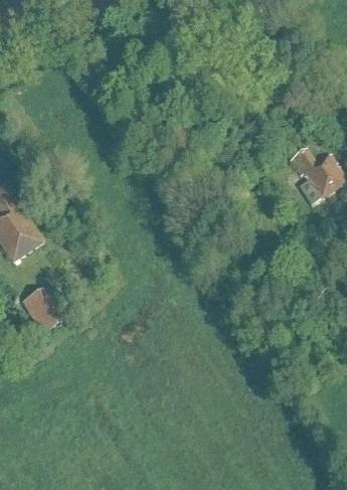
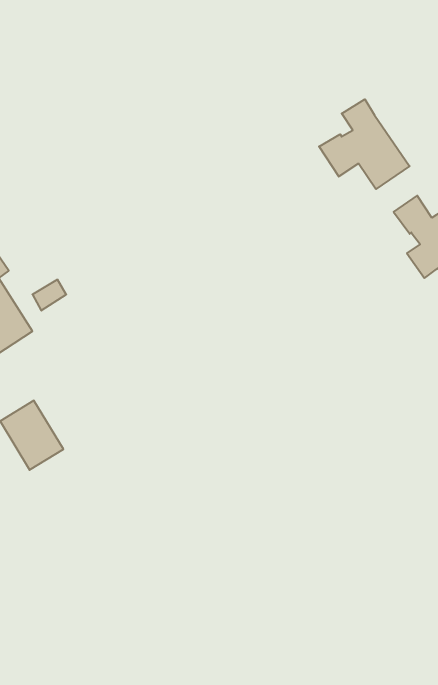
building: none -> [319,99,410,189]

